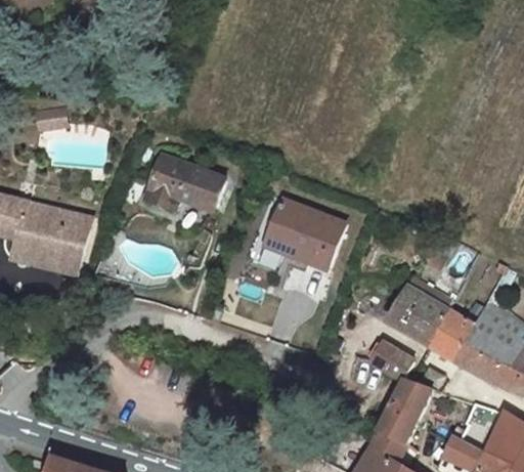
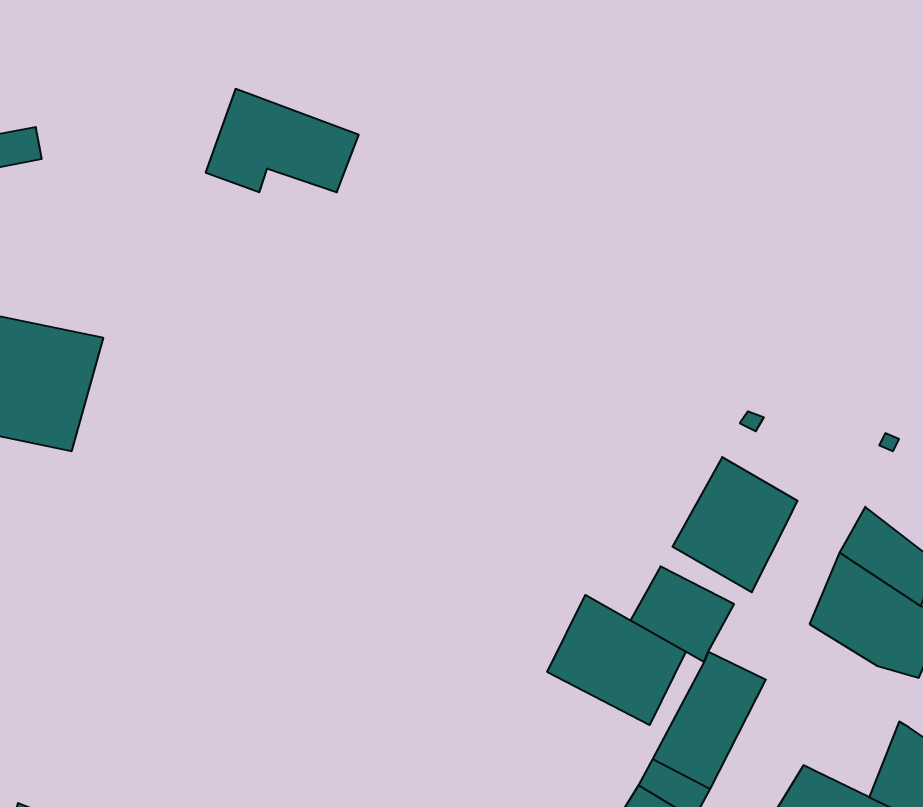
building: [145,158,224,211] -> [206,89,359,192]
building: [265,202,343,271] -> none
building: [428,309,473,362] -> none
building: none -> [547,595,686,725]

